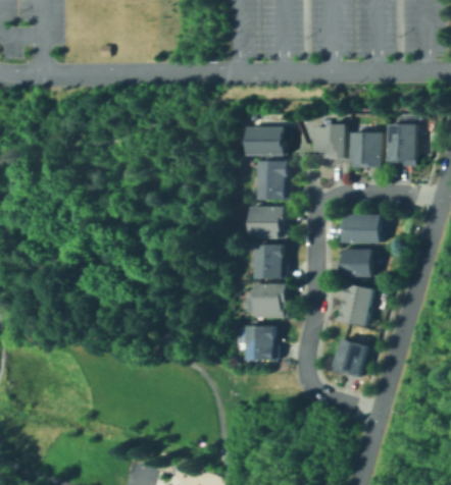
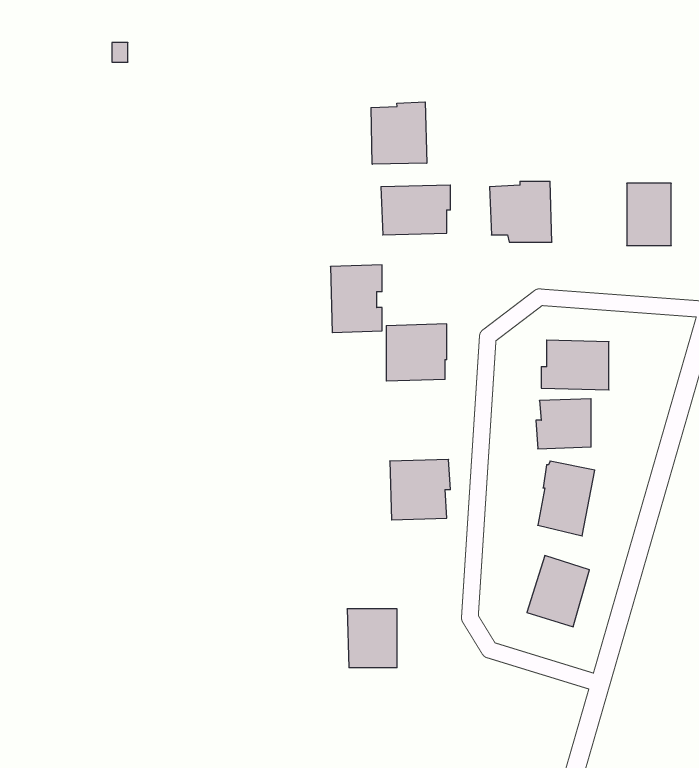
building: none -> [371,102,427,164]
building: [350,131,383,167] -> none
building: [258,161,288,200] -> [330,265,382,333]
building: [254,245,284,279] -> none
building: [246,326,274,360] -> [347,609,397,668]

